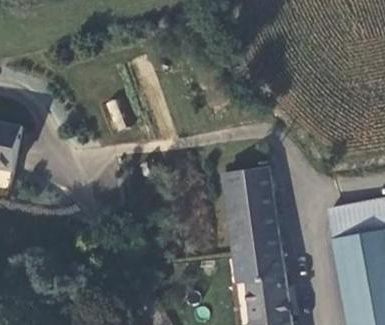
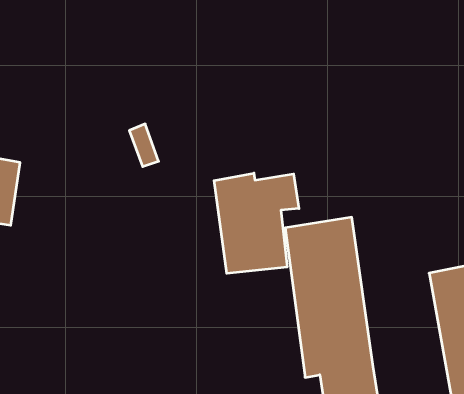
building: none -> [214,173,299,273]

